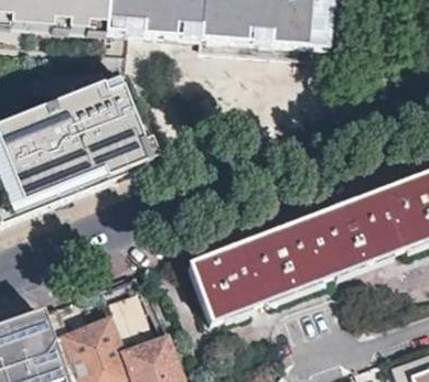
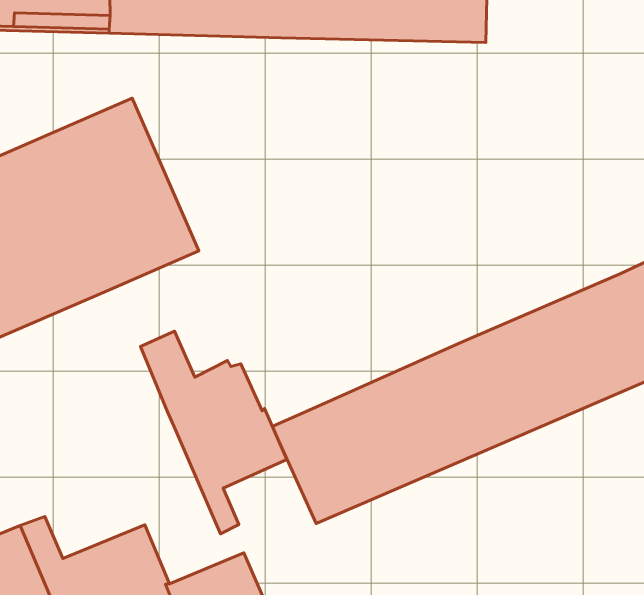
building: none -> [141,331,287,534]

